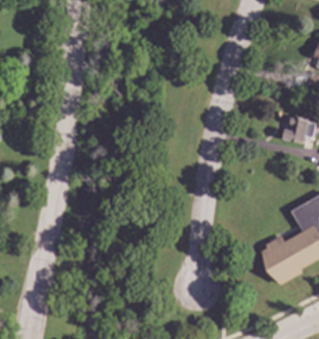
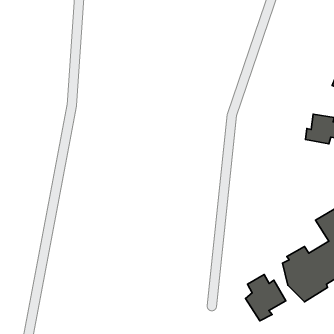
building: none -> [246,275,286,321]

